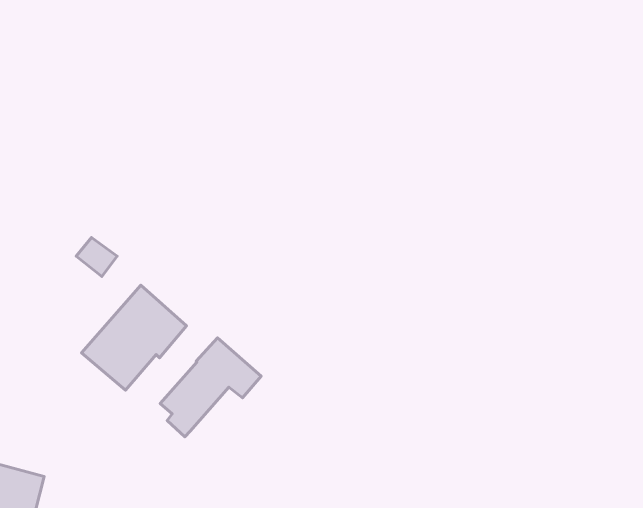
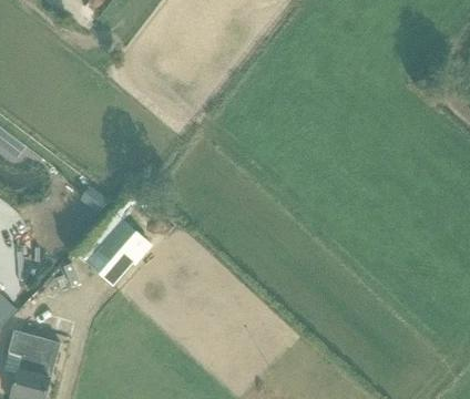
building: [160,338,261,437] -> none

